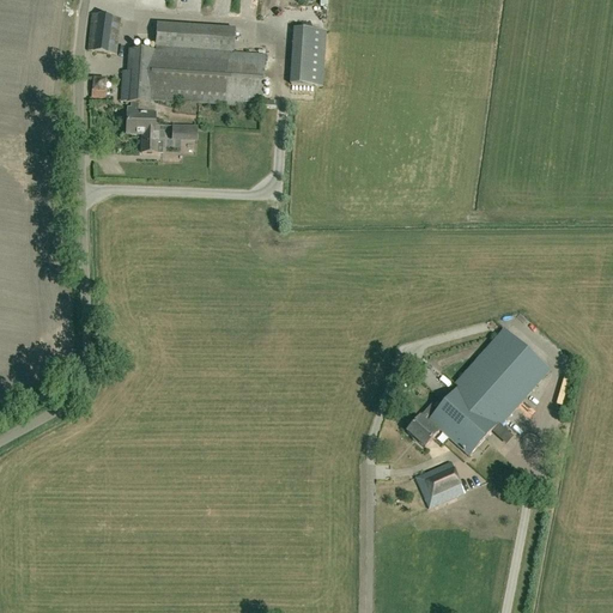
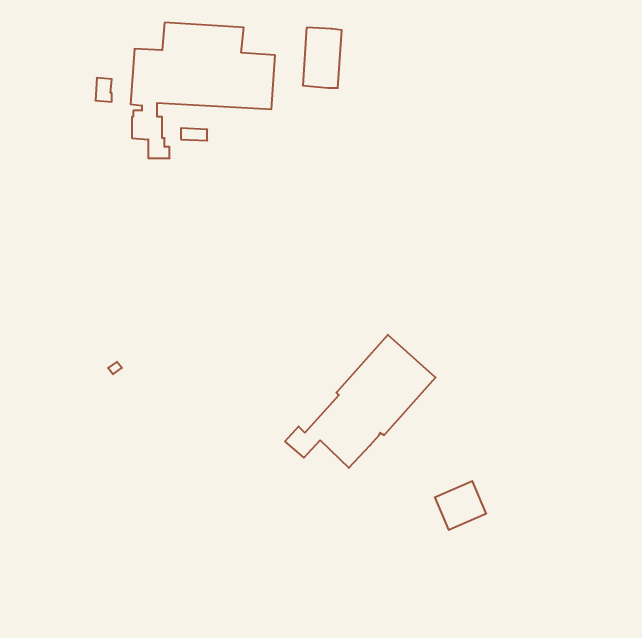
building: [87,12,121,53] -> none
building: [406,327,550,454] -> [285,335,436,468]

